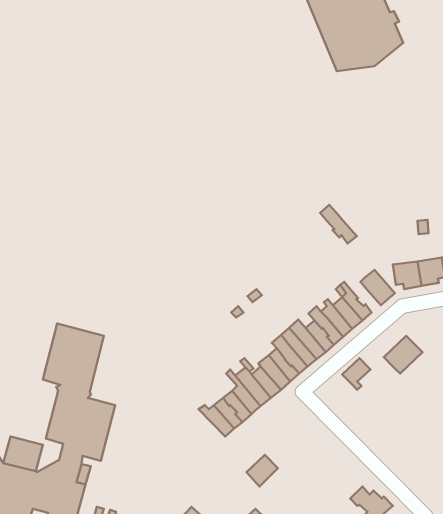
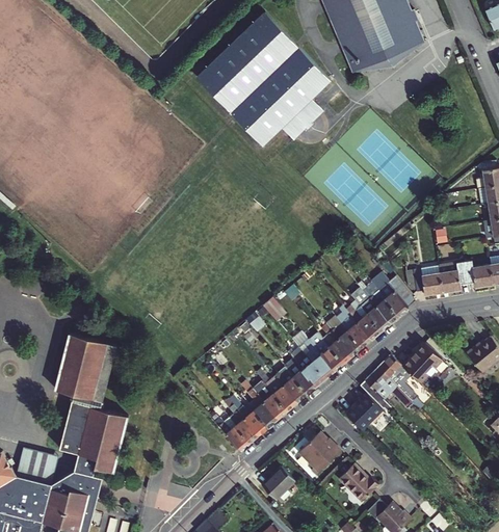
building: none -> [196,15,331,149]
building: [320,205,357,243] -> [362,282,399,321]
building: none -> [377,354,416,401]
building: none -> [350,394,384,428]
building: none -> [298,430,340,471]
building: none -> [339,462,379,501]

